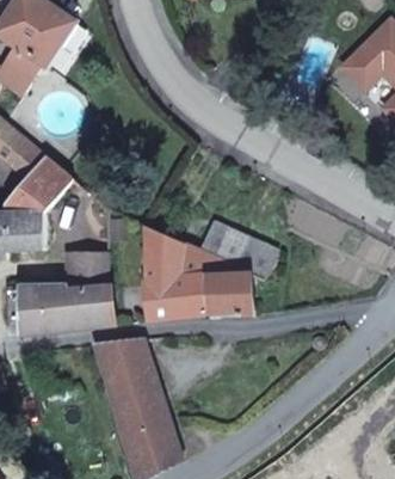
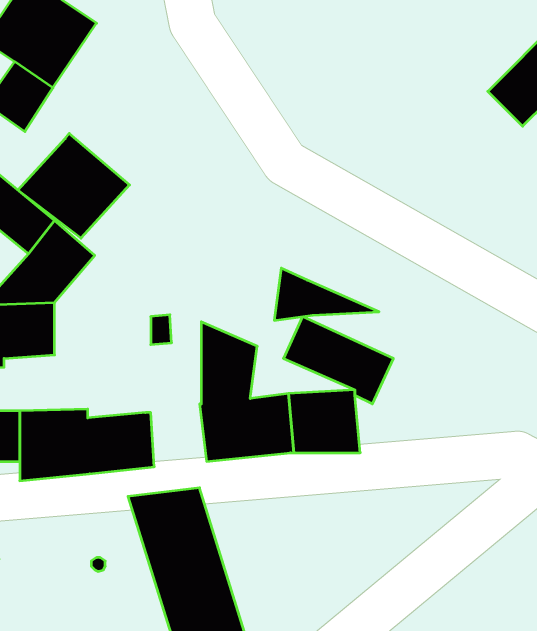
building: none -> [18,133,130,238]
building: [178,241,249,277] -> [274,268,379,320]
building: [67,253,106,290] -> none

